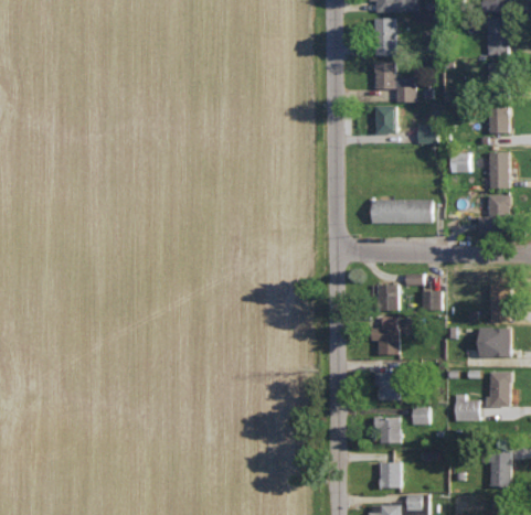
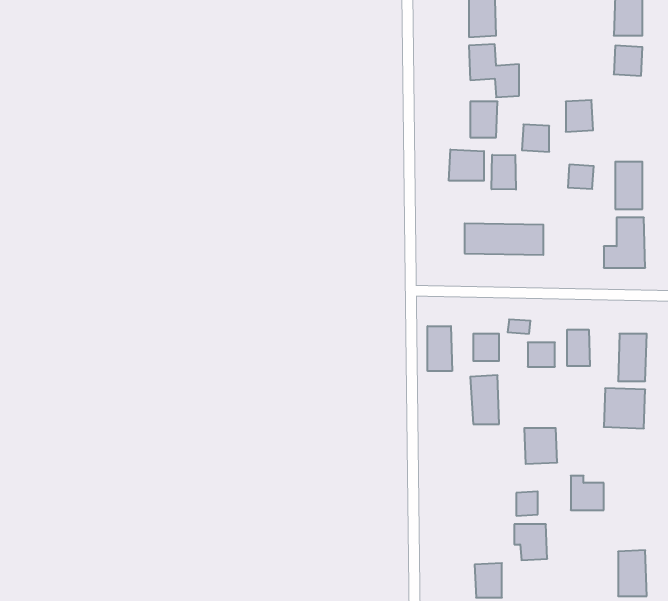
building: [488,109,509,133] -> [566,100,593,132]
building: none -> [449,149,484,181]
building: none -> [492,155,516,190]
building: none -> [428,326,452,371]
building: none -> [567,330,590,366]
building: [373,372,399,399] -> [524,428,557,464]
building: [485,372,511,406] -> none
building: [374,416,400,443] -> [514,524,547,560]

